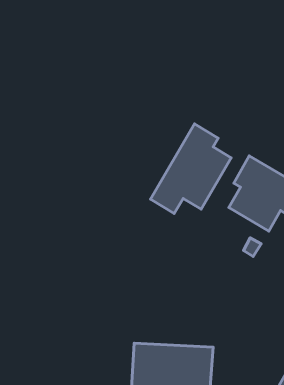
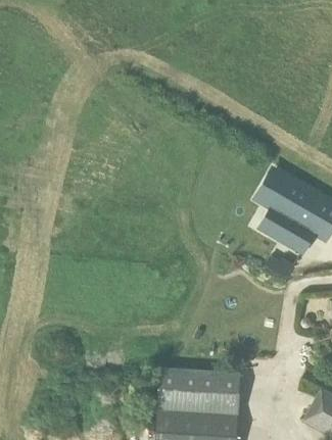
building: [150,124,231,214] -> none

